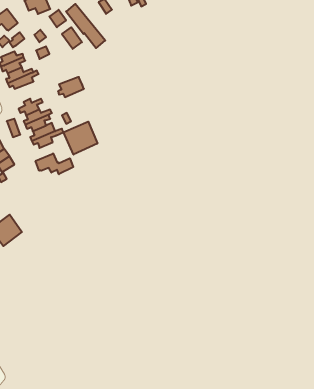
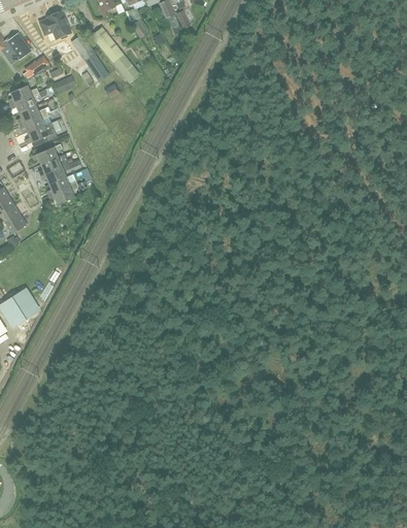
building: [58,77,84,97] -> [26,122,58,146]
building: [64,122,97,155] -> none
building: [36,153,73,174] -> none

